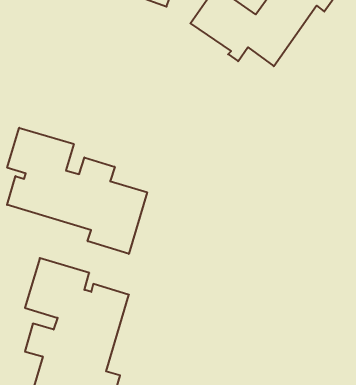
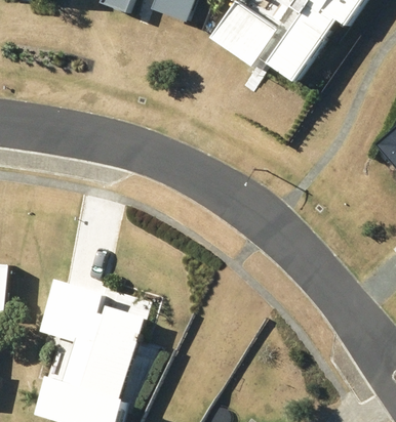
building: [7,128,147,254] -> none

